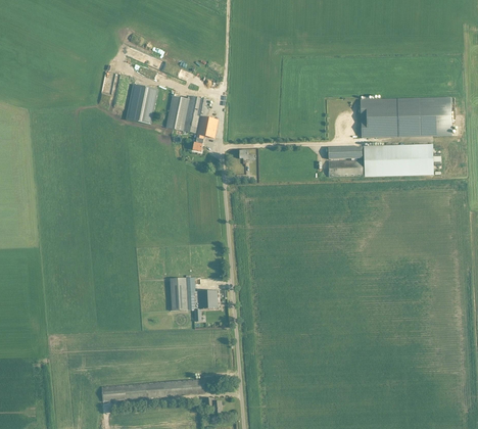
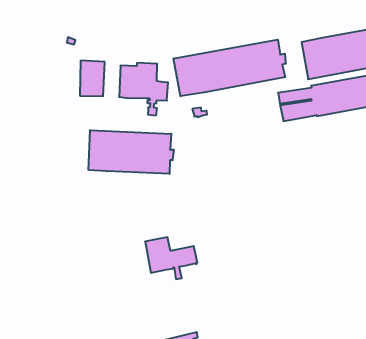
building: none -> [173,40,286,96]
building: none -> [89,130,174,174]

